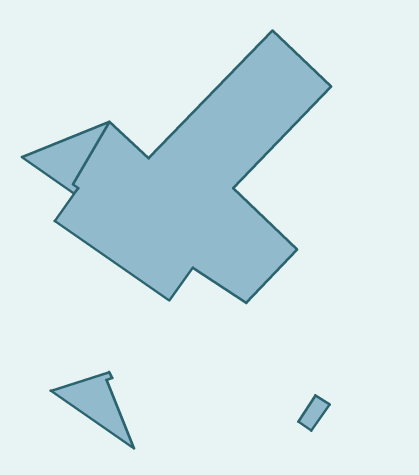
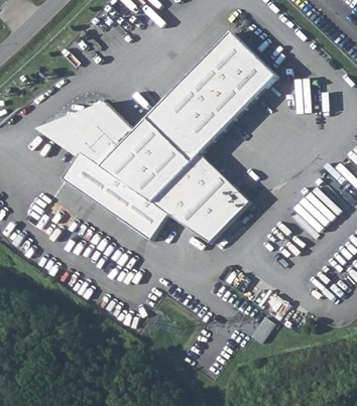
building: [51,372,134,448] -> none

